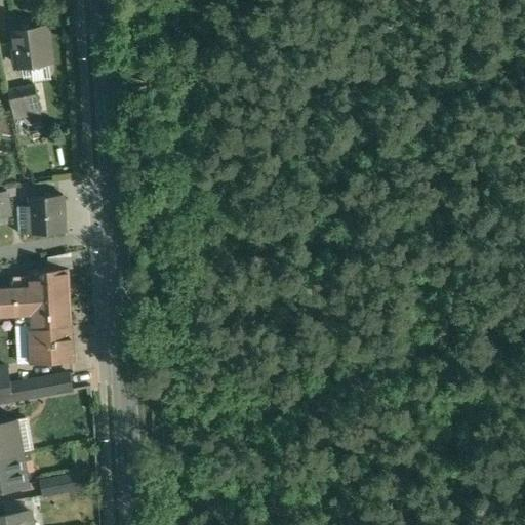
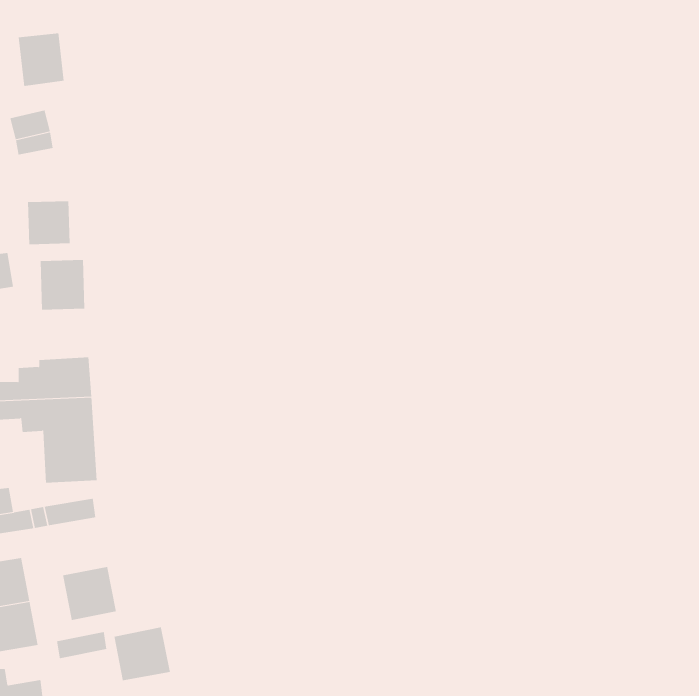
building: none -> [28,200,70,245]
building: none -> [62,566,117,621]
building: none -> [114,626,170,681]

